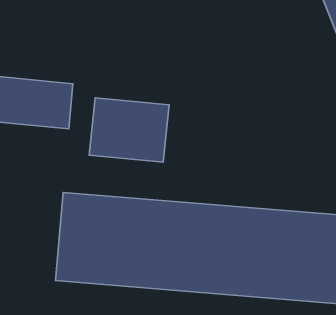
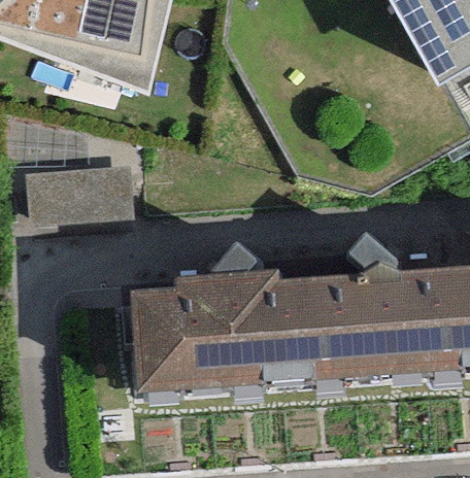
building: [89,98,169,162] -> none

